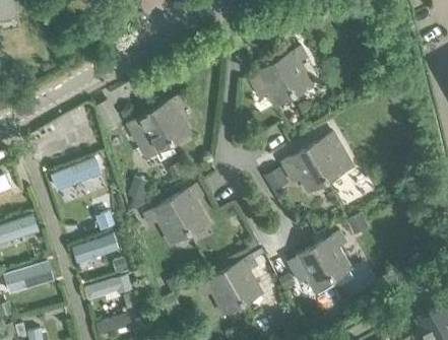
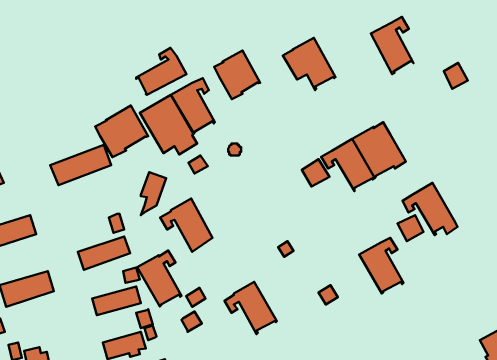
building: [275,48,312,96] -> [371,17,414,74]
building: none -> [136,48,186,95]
building: none -> [214,50,260,99]
building: none -> [95,105,148,157]
building: [171,186,208,233] -> [137,251,181,306]
building: [289,248,335,292] -> [403,183,457,235]
building: [225,257,262,304] -> none

